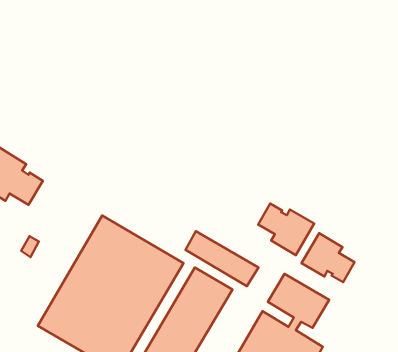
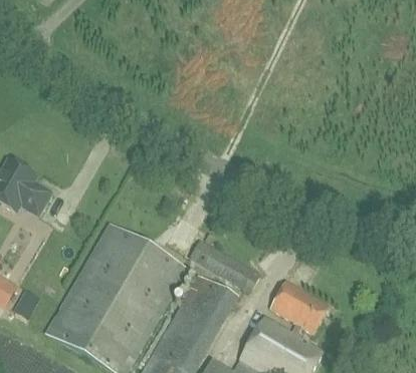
building: [258,204,314,255] -> none
building: [302,233,355,282] -> none

